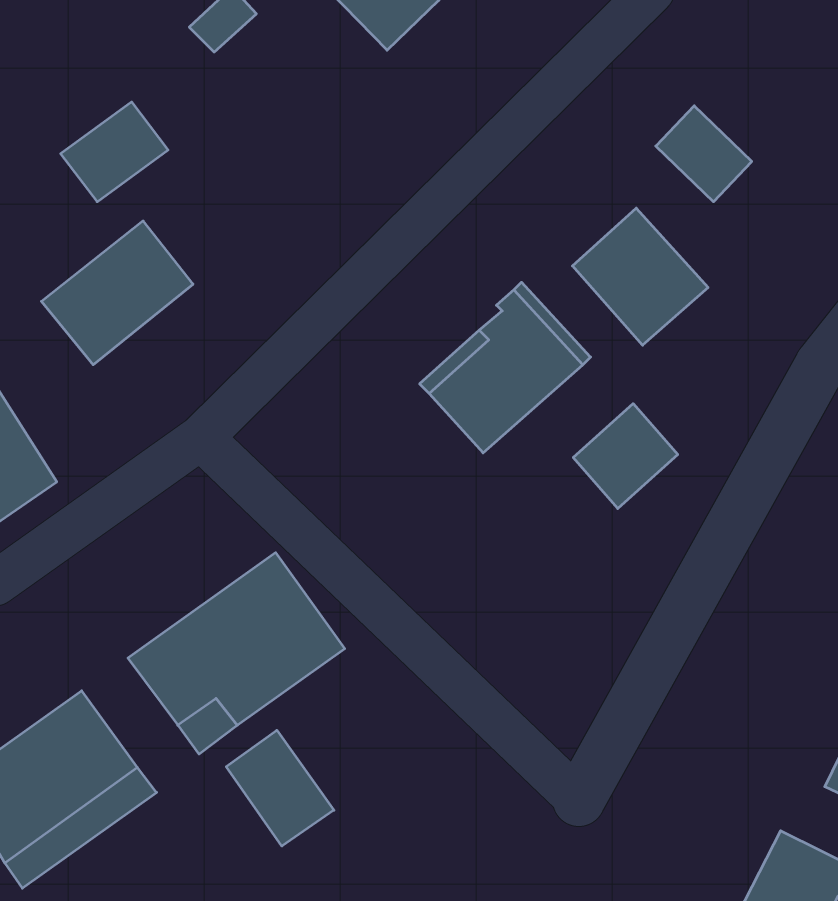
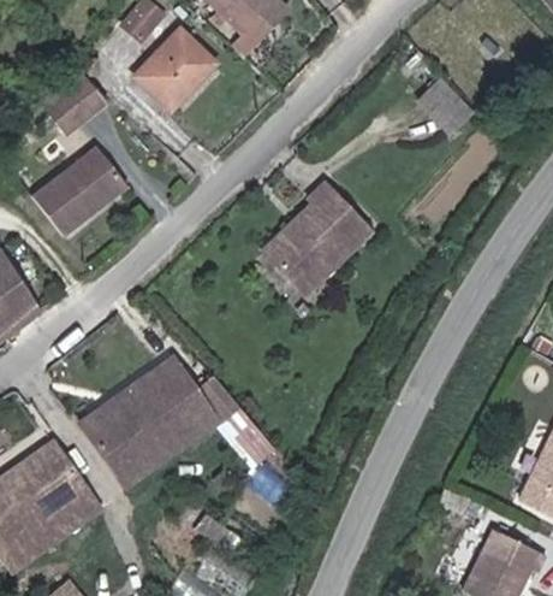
building: none -> [132,26,216,110]
building: [572,208,708,345] -> none
building: [573,404,678,509] -> none
building: [226,730,334,846] -> none

